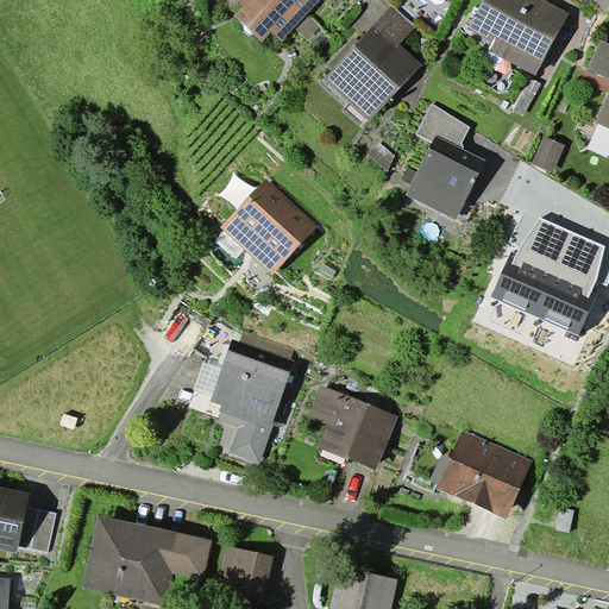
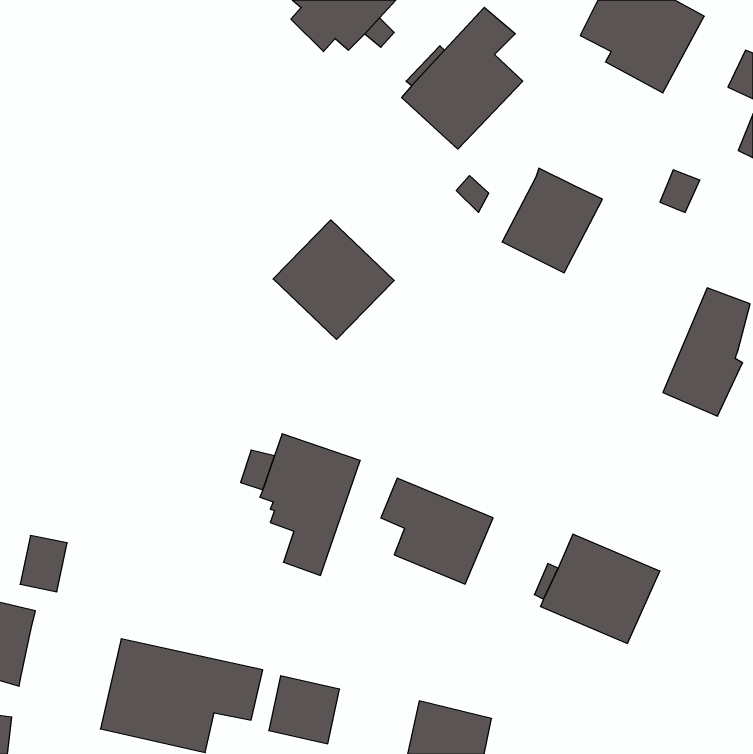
building: [415,103,469,150] -> none
building: [490,219,570,316] -> none
building: [17,507,55,552] -> [20,536,67,592]

